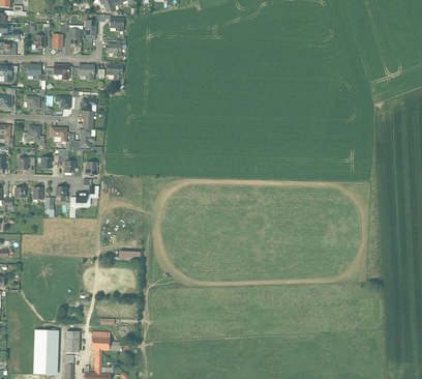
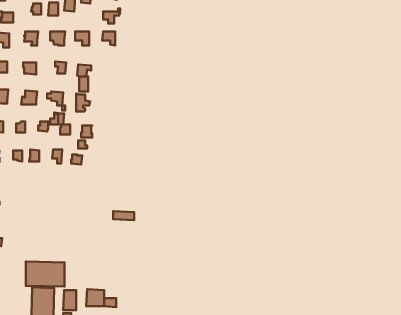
building: none -> [26,262,65,287]

